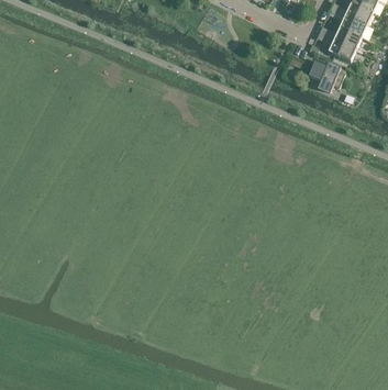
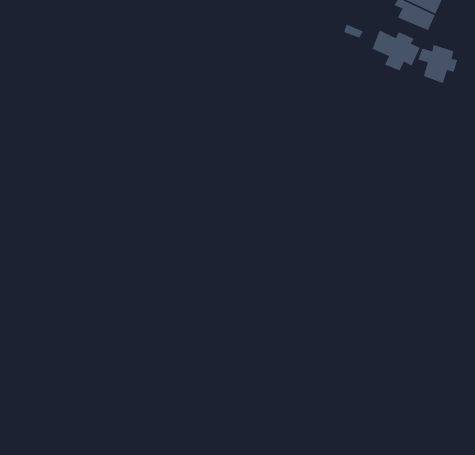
building: none -> [417,44,458,84]

